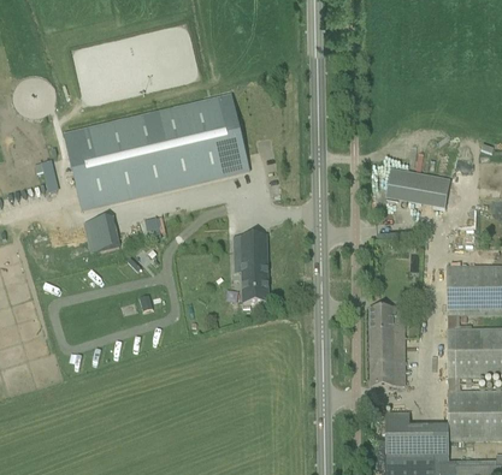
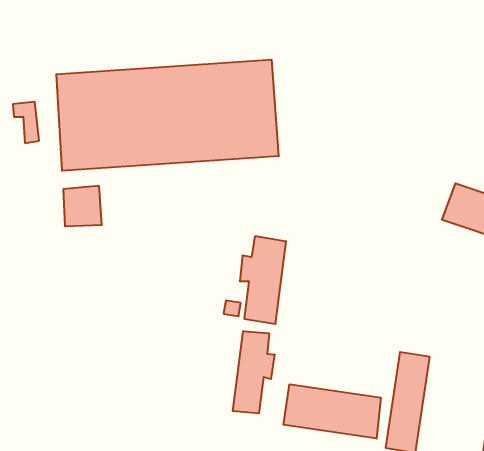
building: none -> [233,331,275,413]
building: none -> [283,384,381,439]

